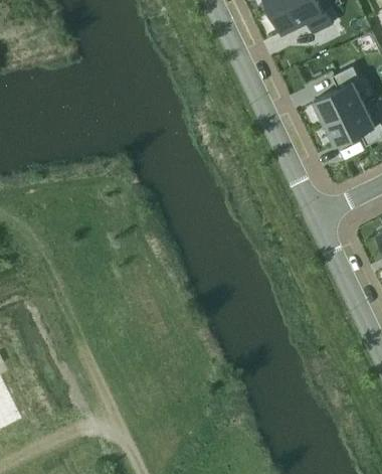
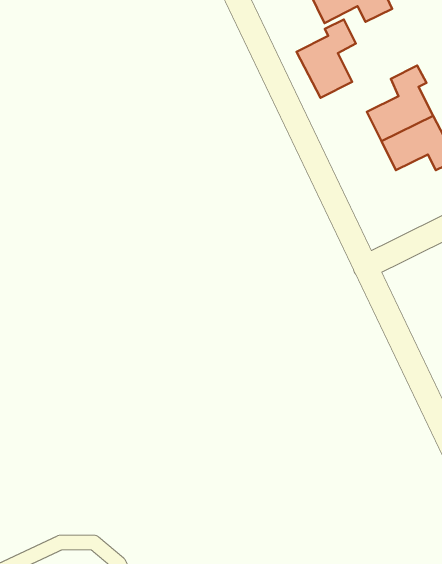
building: none -> [297,20,356,98]

